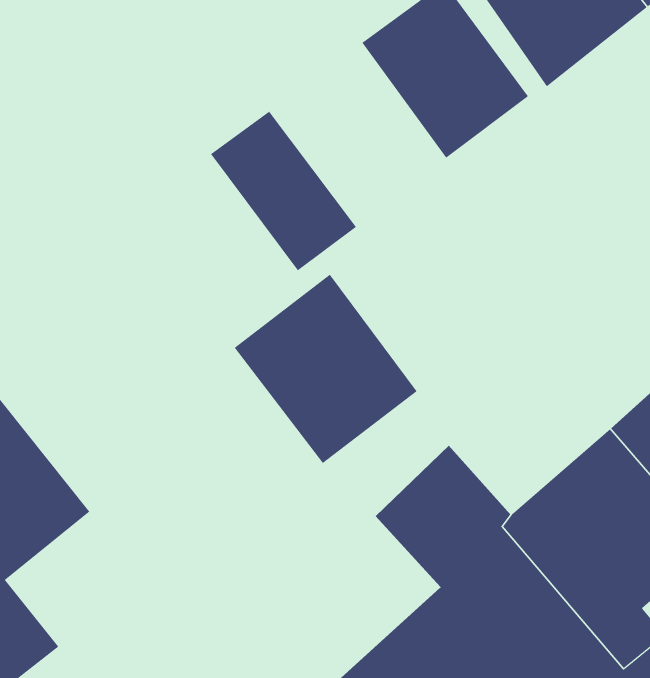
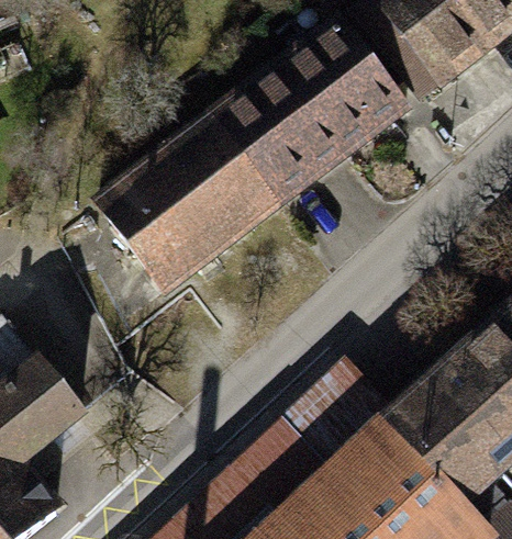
building: none -> [216,68,347,204]
building: [234,274,417,464] -> [101,150,237,291]

